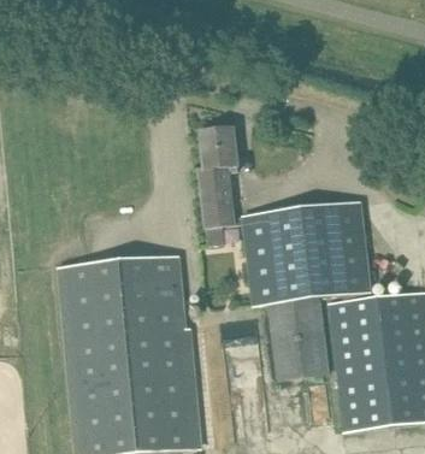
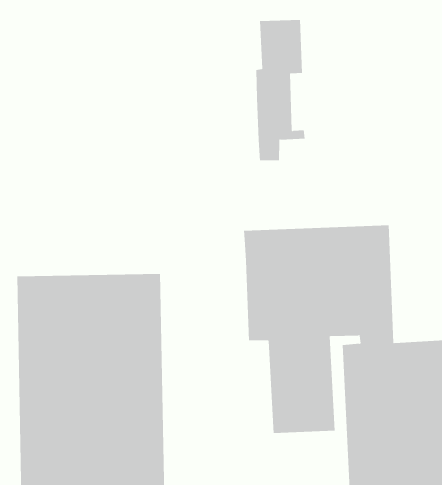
building: [199,125,243,242] -> [255,19,305,161]

